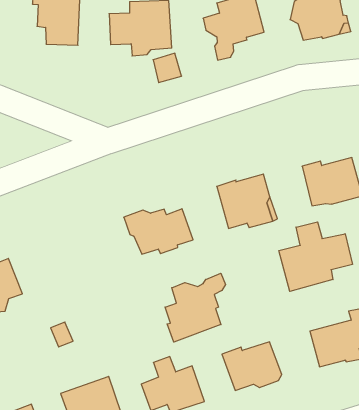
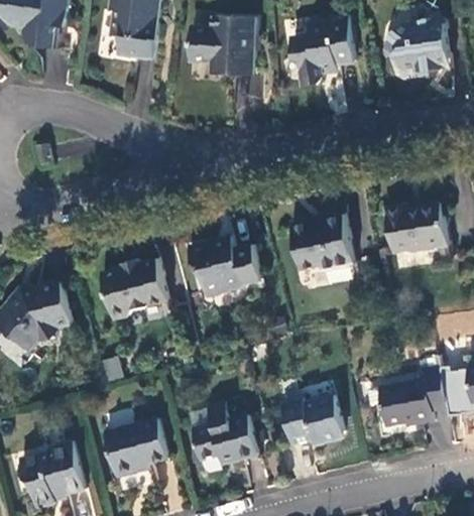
building: [279,222,352,291] -> none
building: none -> [101,259,162,319]
building: [165,273,225,342] -> none

